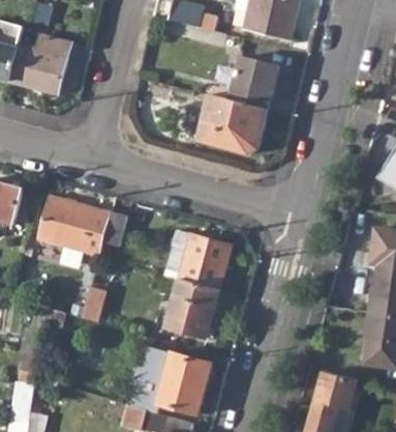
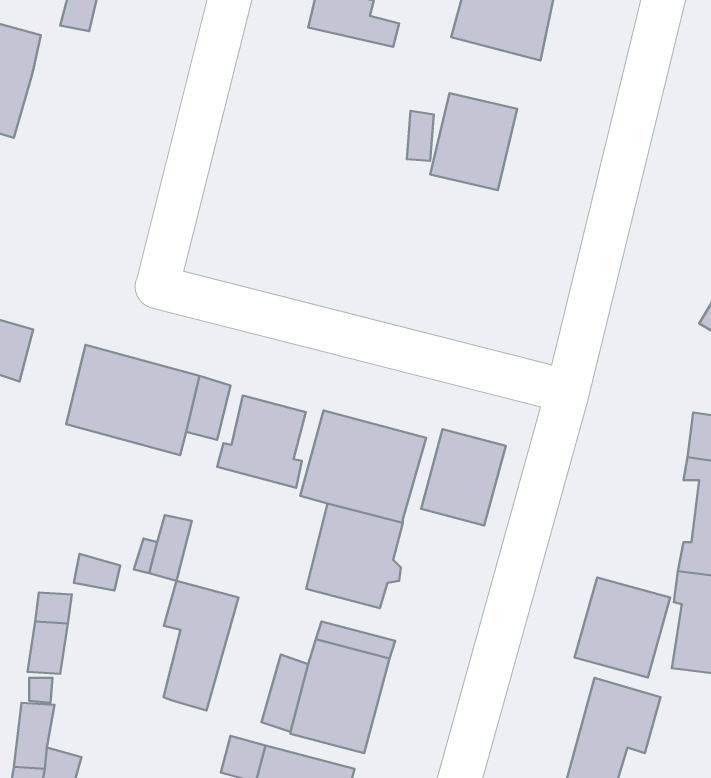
building: [10,36,72,95] -> none
building: [199,97,269,155] -> none
building: none -> [217,395,306,488]
building: none -> [421,429,506,526]
building: none -> [575,577,670,678]
building: none -> [163,581,239,710]

